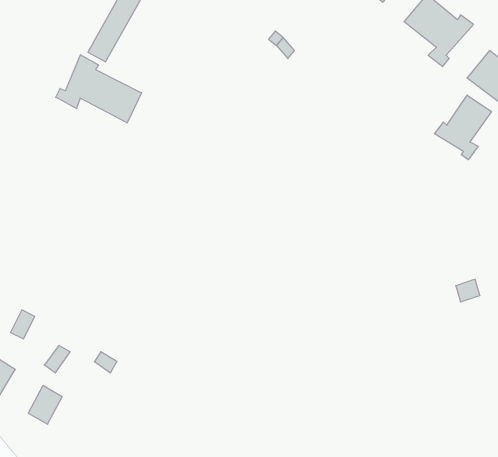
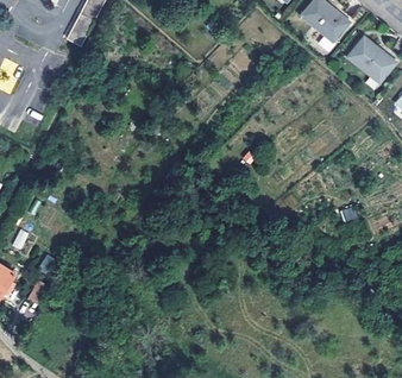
building: [56,55,142,123] -> none
building: [435,95,491,160] -> none

